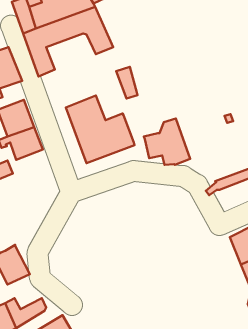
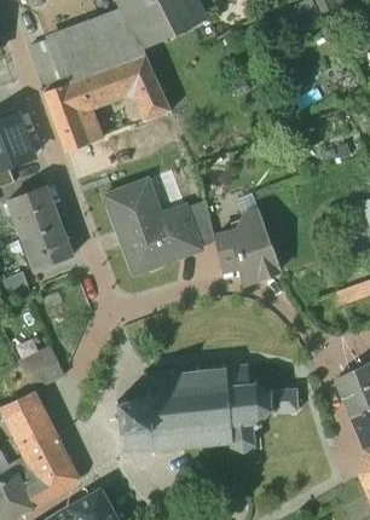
building: [116,67,138,99] -> [185,201,215,245]
building: none -> [18,346,64,391]
building: none -> [116,362,297,453]
building: none -> [22,431,70,480]

